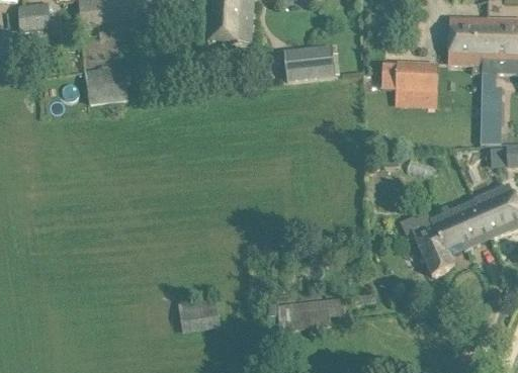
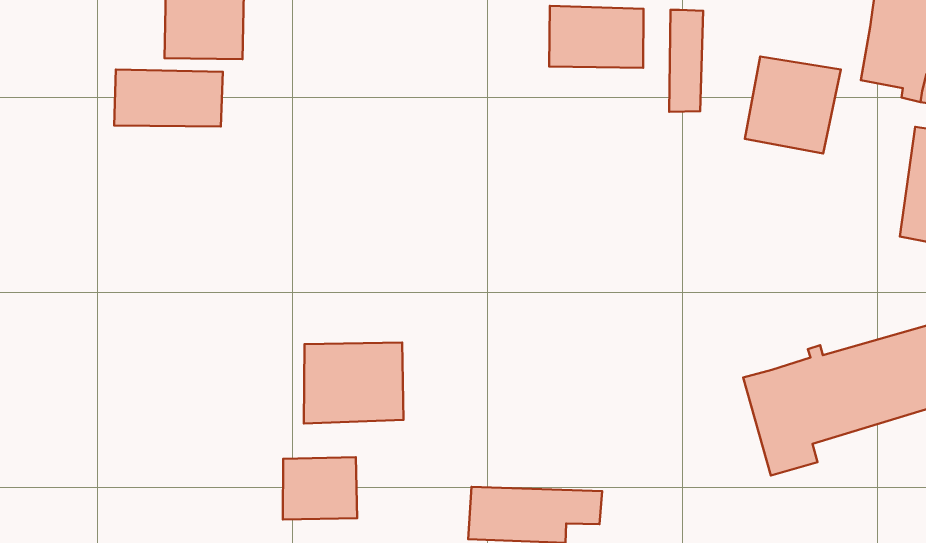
building: none -> [669,10,703,112]
building: none -> [114,69,223,126]
building: none -> [304,342,404,423]

